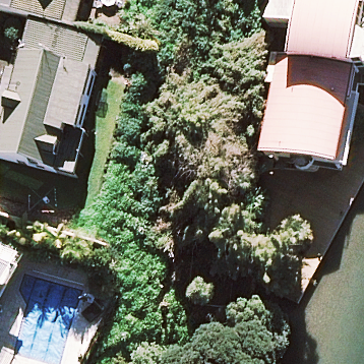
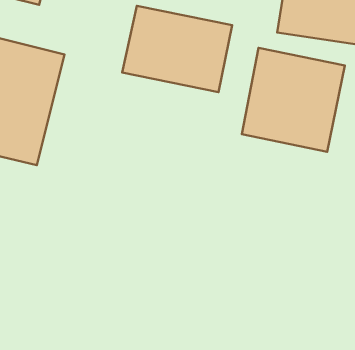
building: none -> [122,6,232,92]

